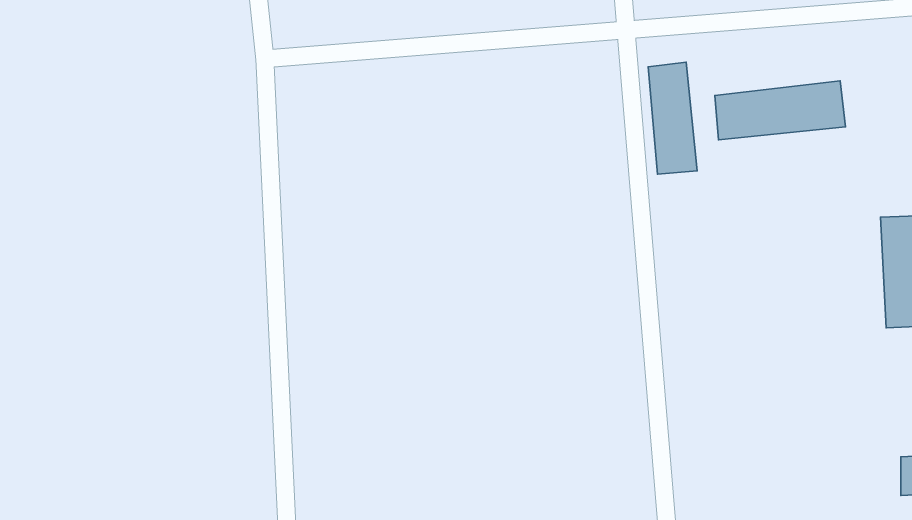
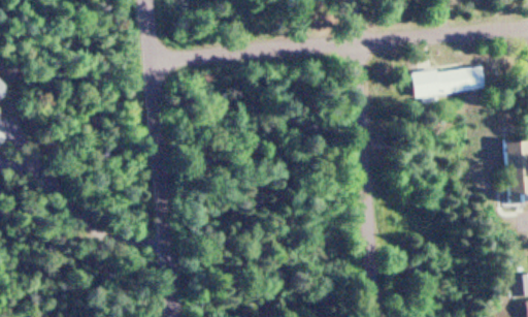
building: [648,62,697,174] -> none

